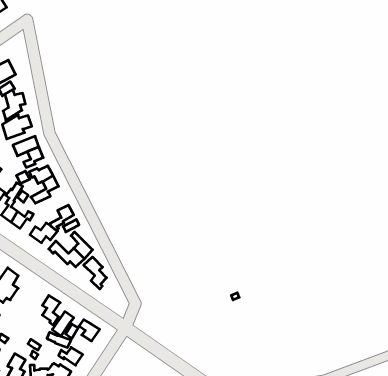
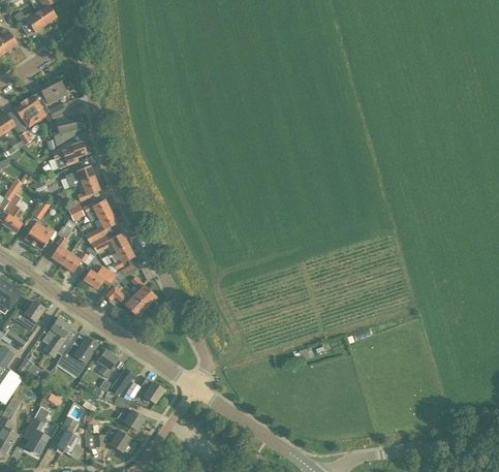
building: none -> [90,232,128,253]
building: [84,257,107,289] -> none
building: none -> [56,336,97,377]

